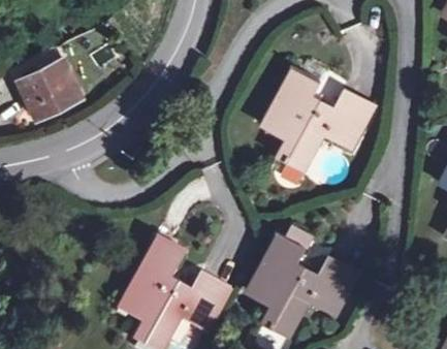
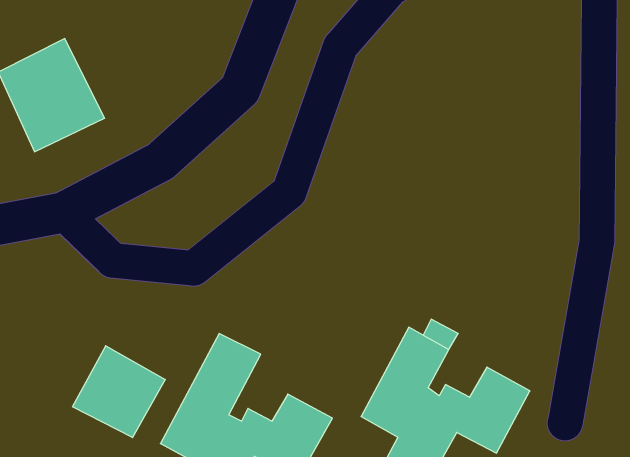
building: [262,67,373,169] -> none
building: none -> [73,346,165,438]

